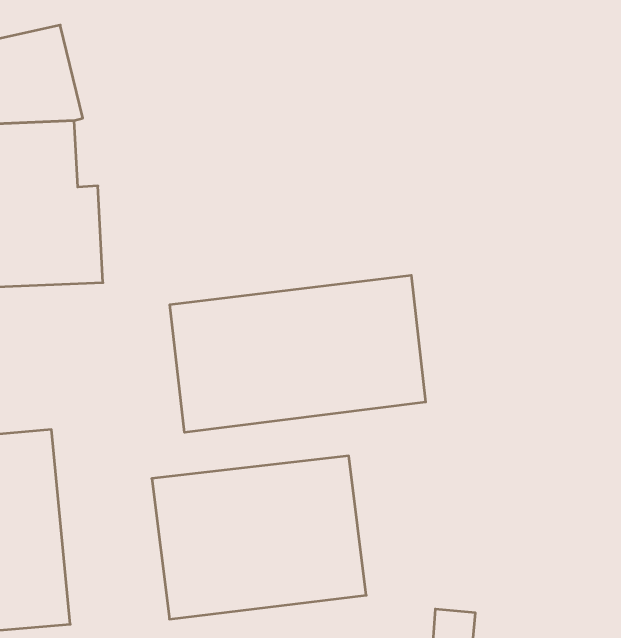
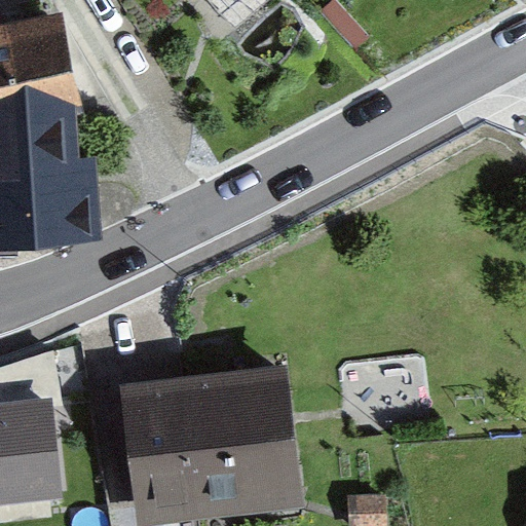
building: [170,275,426,432] -> none

